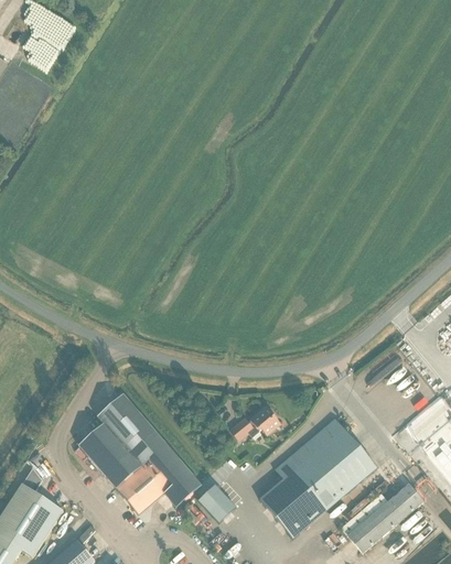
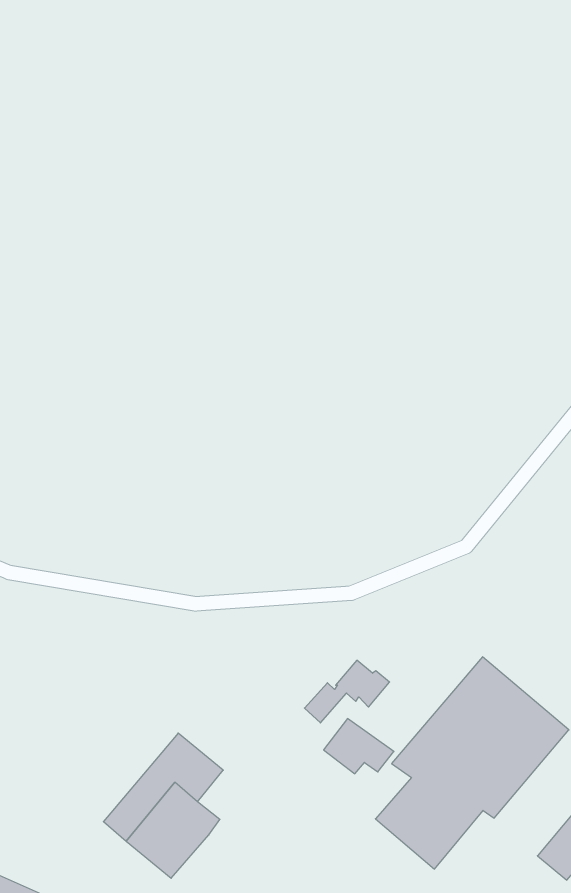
building: [78,394,155,475] -> none
building: [160,457,201,507] -> none
building: [198,484,238,517] -> [324,719,394,774]

